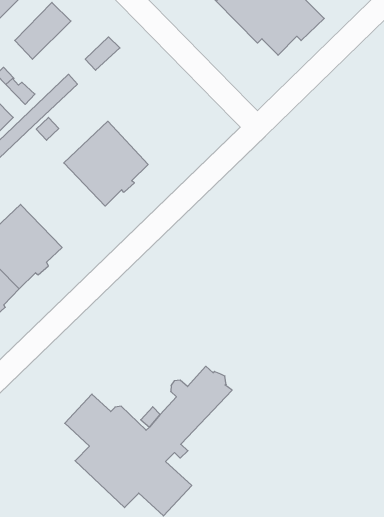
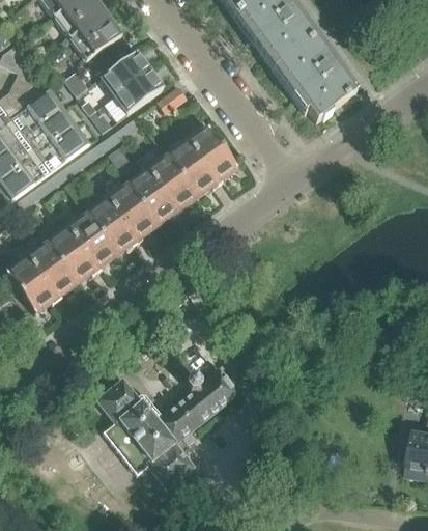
building: none -> [112,68,162,113]
building: none -> [167,127,235,196]
building: none -> [85,185,154,254]

